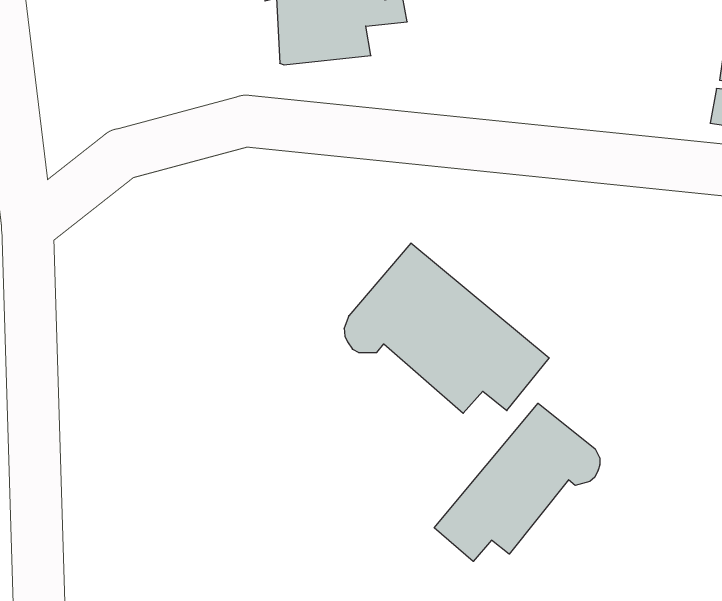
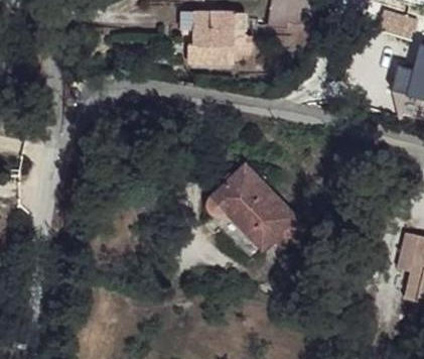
building: [434,403,600,561] -> none

